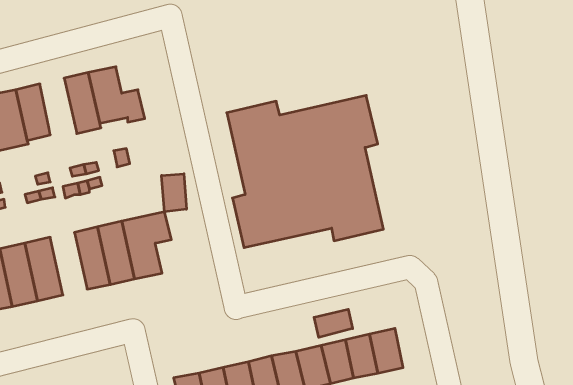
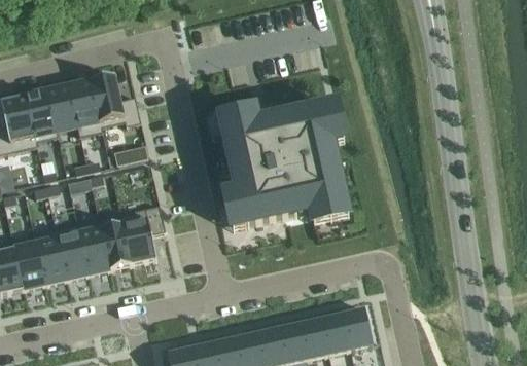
building: none -> [47,84,78,130]
building: [162,174,186,212] -> none
building: none -> [57,222,90,278]
building: [314,309,353,337] -> none

